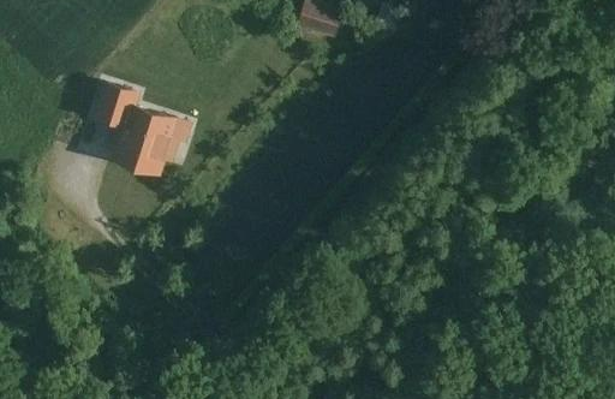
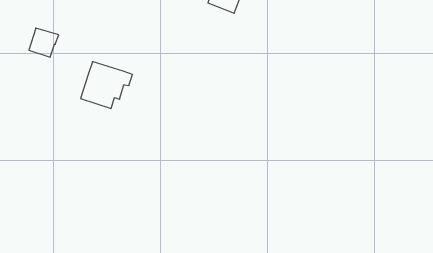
building: [95,82,137,123] -> [29,28,59,57]

